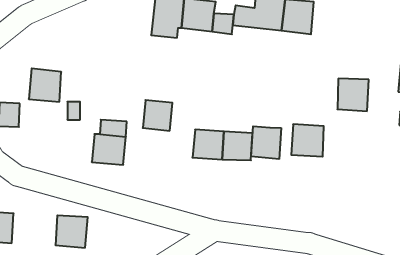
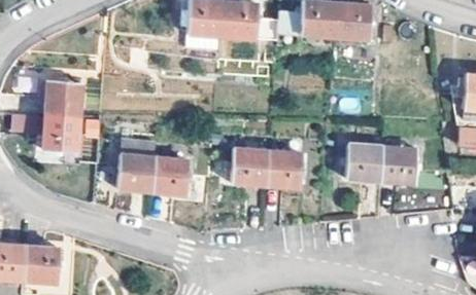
building: [337,79,369,111] -> [381,146,417,183]
building: none -> [41,115,79,152]
building: [143,100,172,131] -> [152,158,186,193]
building: [251,126,281,159] -> none
building: [55,215,88,248] -> [25,246,62,283]

